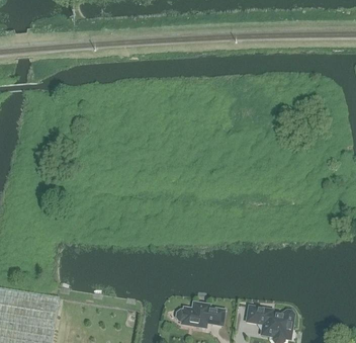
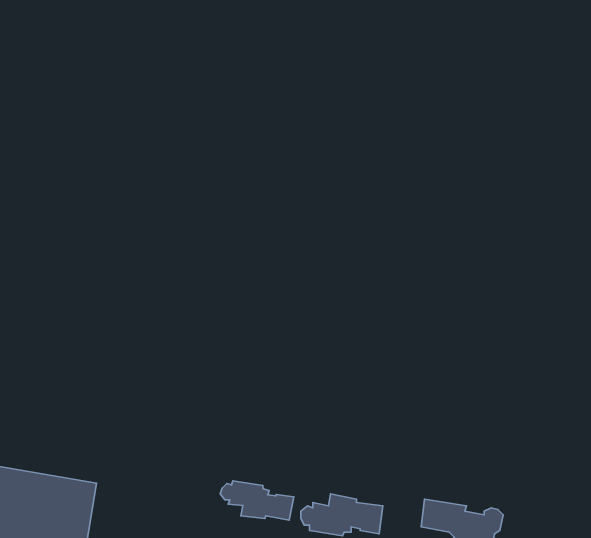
building: none -> [220,481,294,520]

